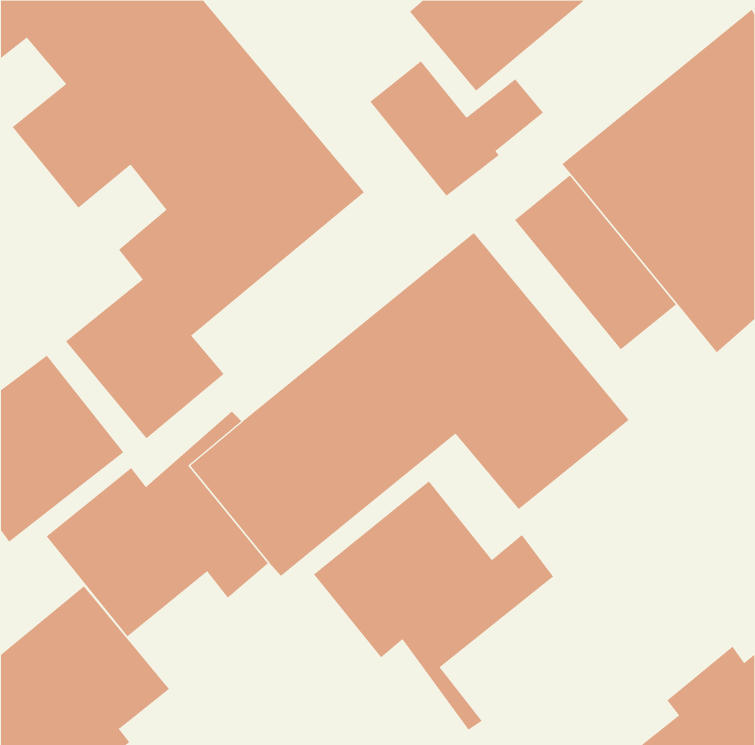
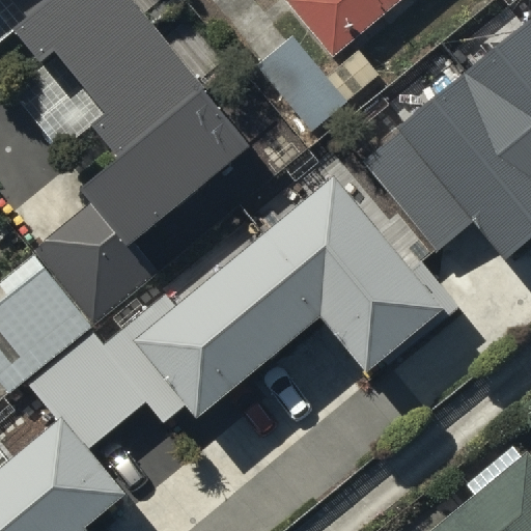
building: [313,481,554,730] -> none

